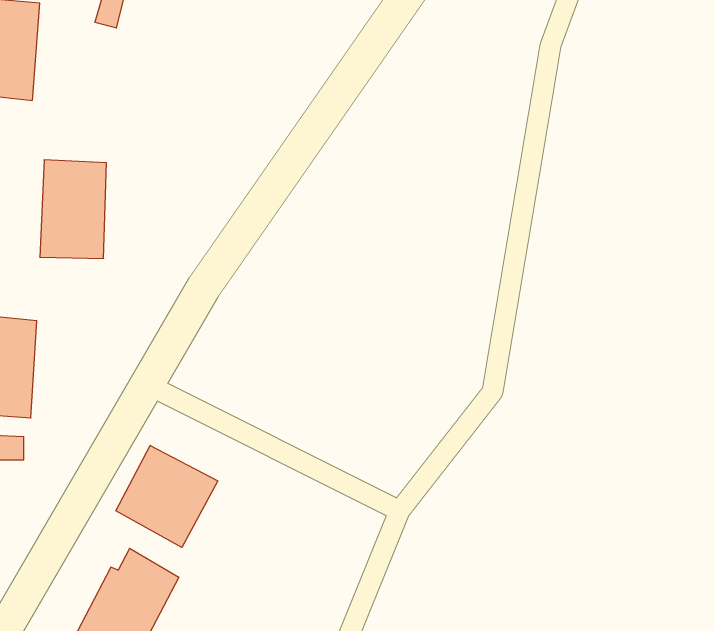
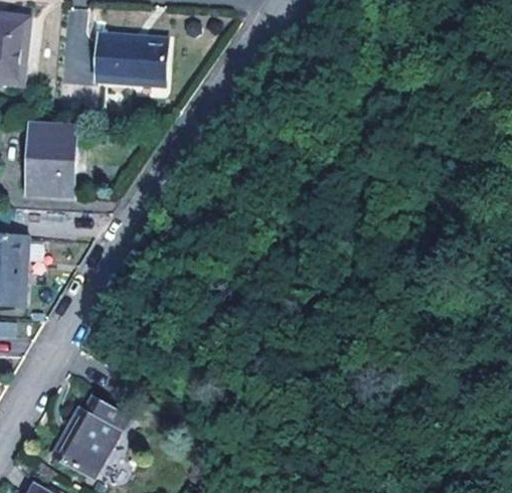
building: none -> [97,37,165,85]
building: [116,445,218,547] -> none

